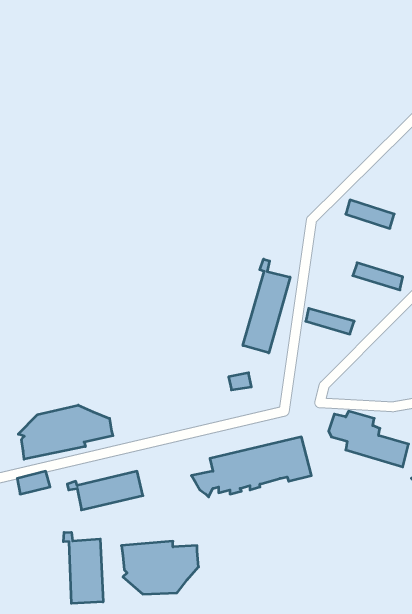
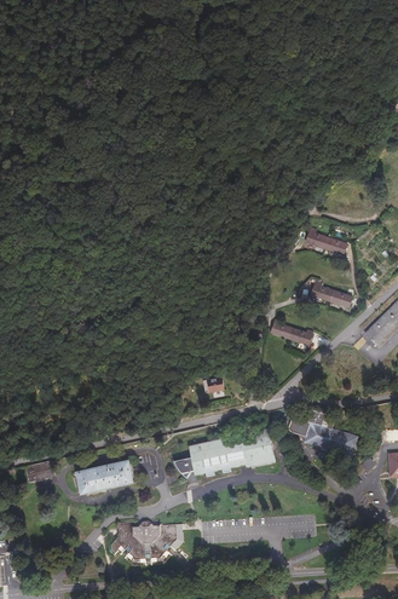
building: [243,259,290,353] -> none
building: [18,405,113,459] -> none
building: [63,532,103,603] -> none

